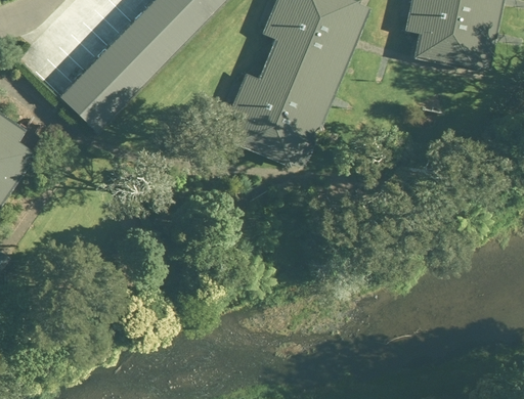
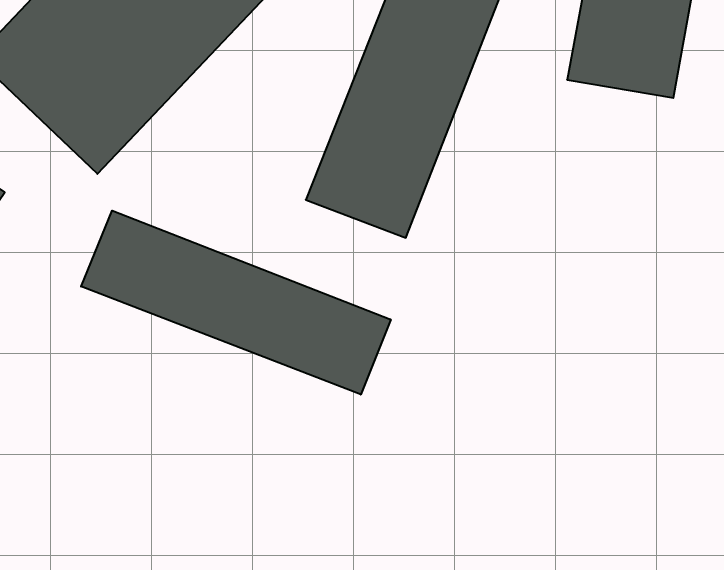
building: none -> [81,211,391,395]

